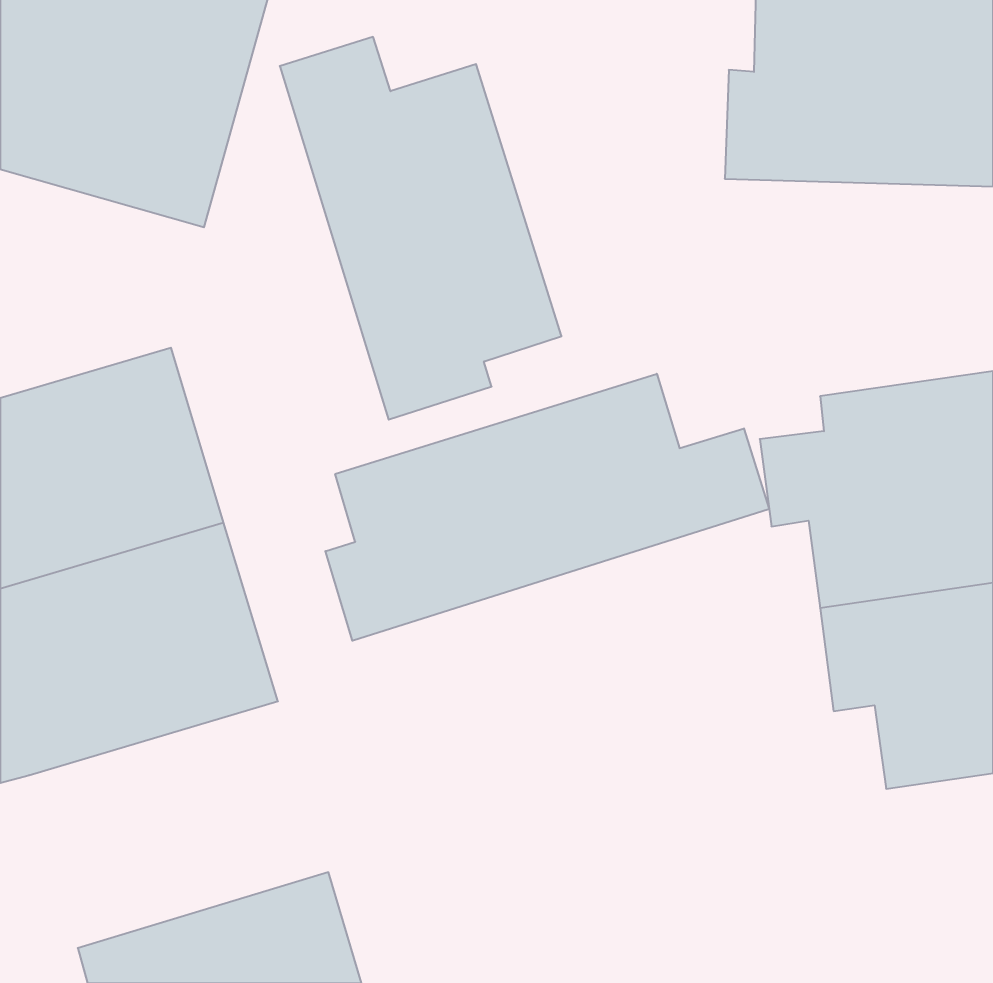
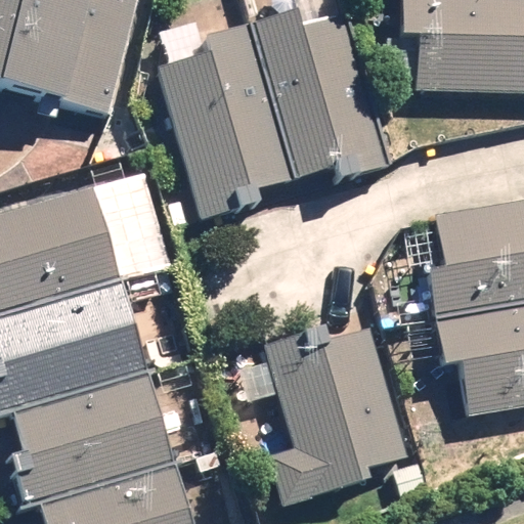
building: none -> [251,7,386,180]
building: [325,374,769,641] -> none
building: none -> [262,316,408,498]
building: none -> [15,369,173,504]

